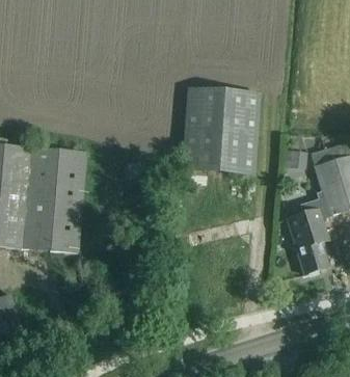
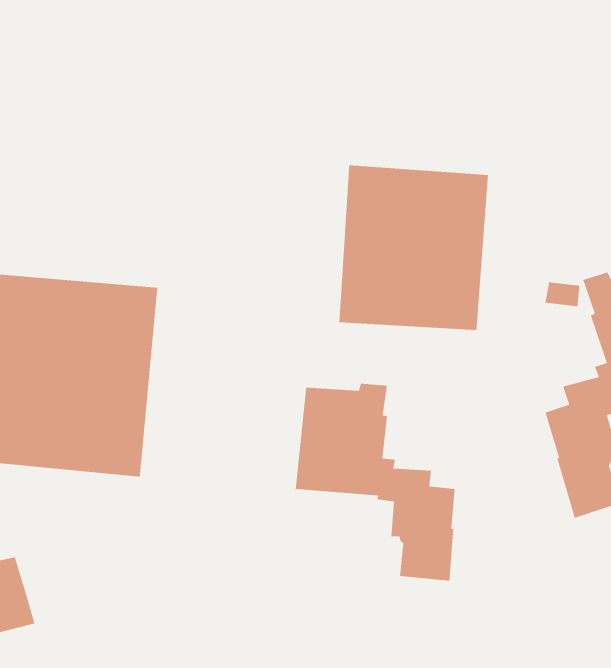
building: none -> [295,383,456,582]

